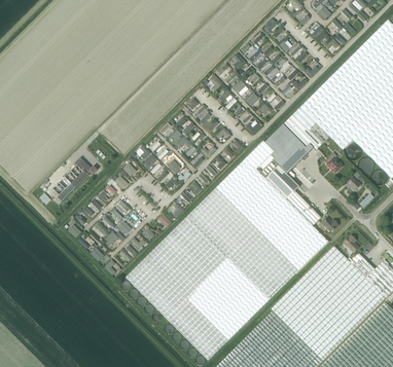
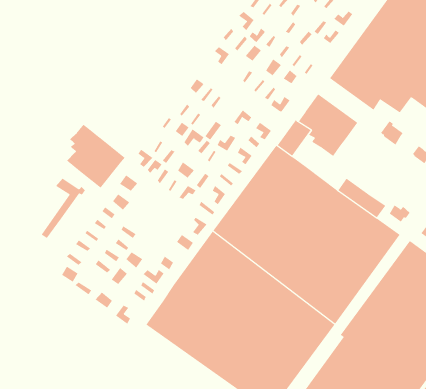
building: [283,114,323,150] -> none
building: none -> [66,124,126,189]
building: [265,166,299,199] -> none

